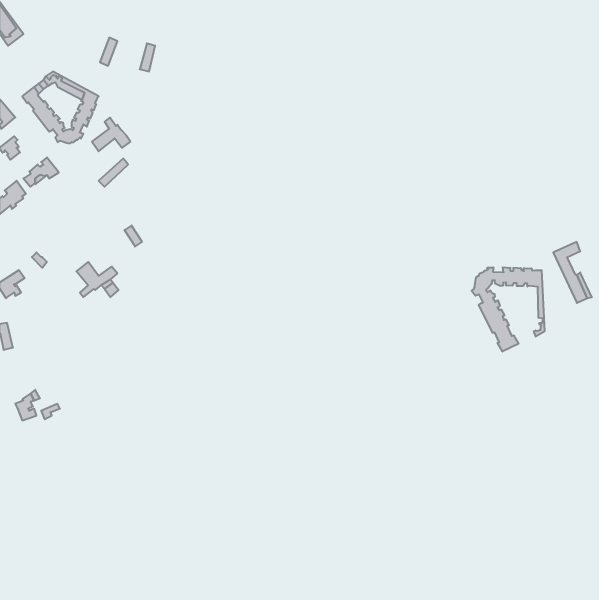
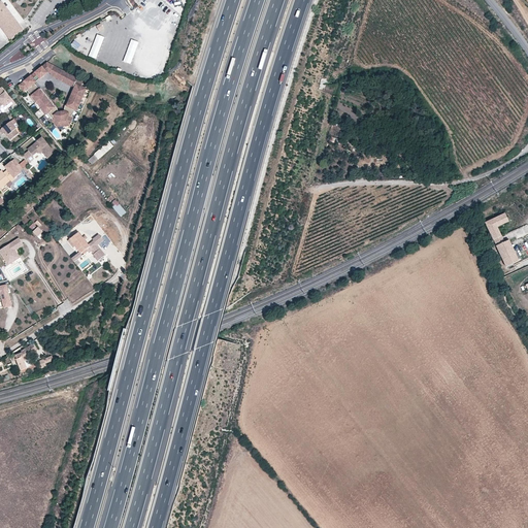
building: [92,118,130,151] -> none
building: [472,267,544,352] -> none

